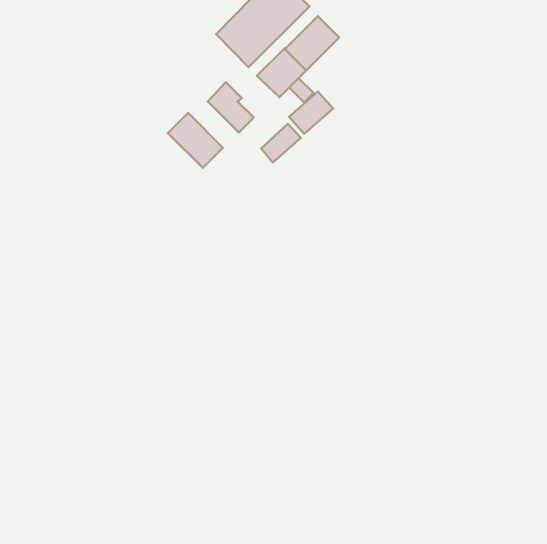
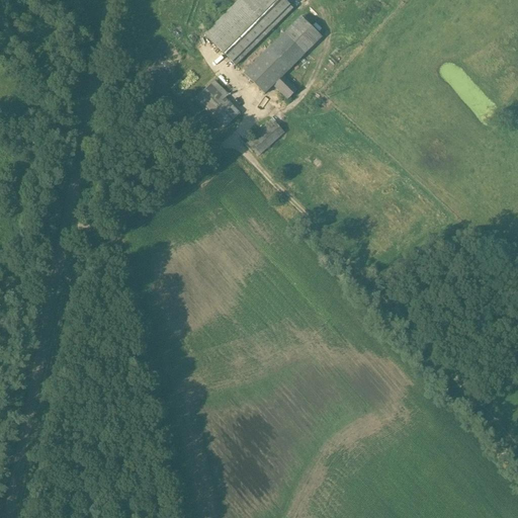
building: [289,91,333,134] -> none
building: [168,113,223,168] -> none

